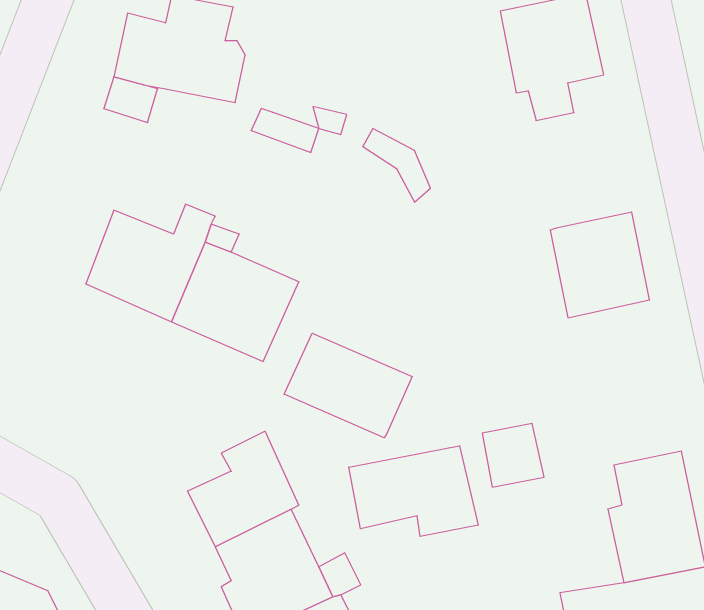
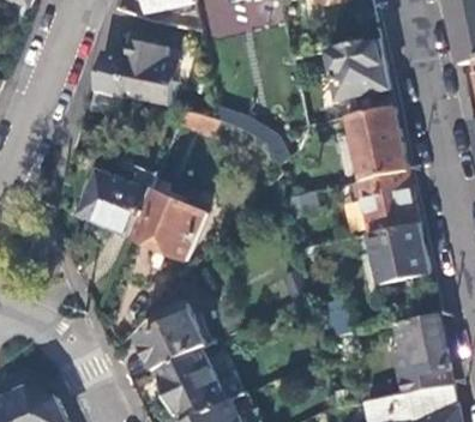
building: none -> [345,106,405,180]
building: none -> [367,223,427,283]
building: [284,333,412,438] -> none
building: [349,446,478,536] -> none

